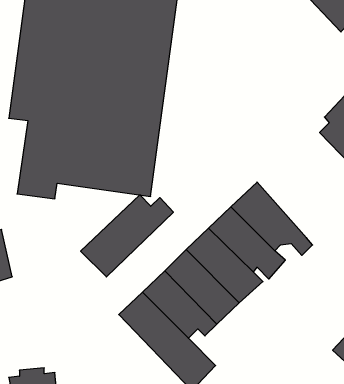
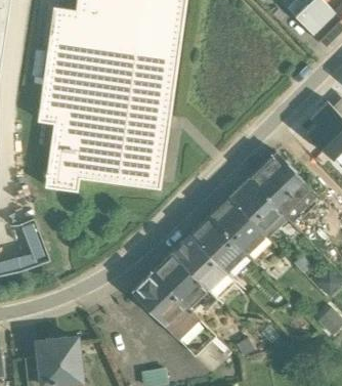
building: none -> [252,153,317,224]
building: [81,195,173,277] -> none

